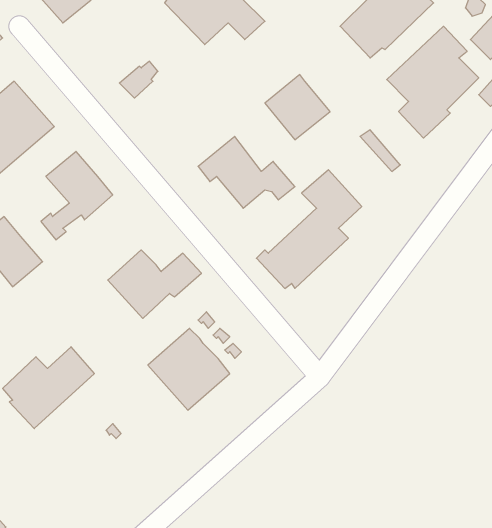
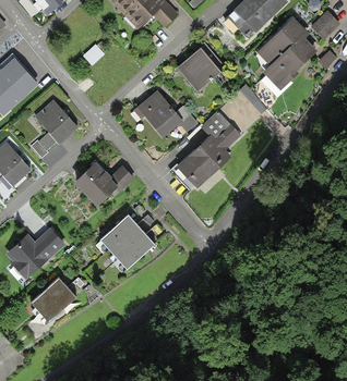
building: none -> [31,276,76,321]

